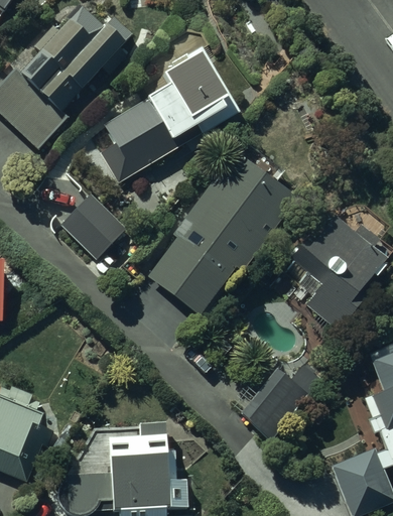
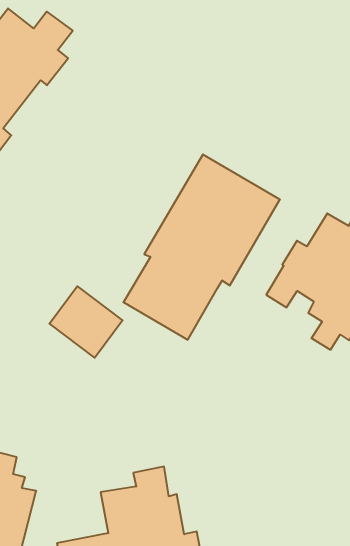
building: [102,44,240,180] -> none
building: [61,194,125,257] -> [49,286,123,358]
building: [235,360,322,436] -> none

